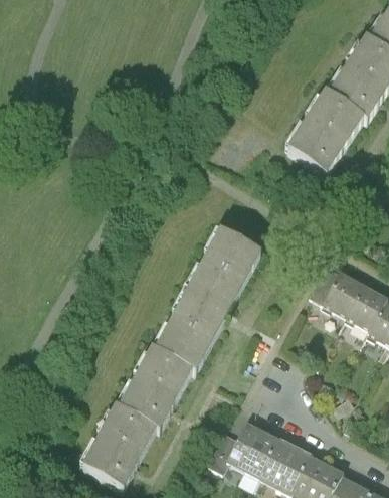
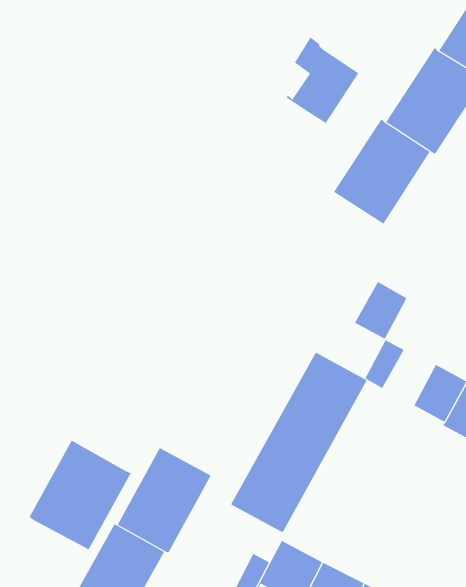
building: none -> [286,37,359,124]
building: [152,233,258,374] -> [230,352,368,533]
building: [322,273,363,318] -> [354,281,407,340]
building: none -> [29,440,132,550]

